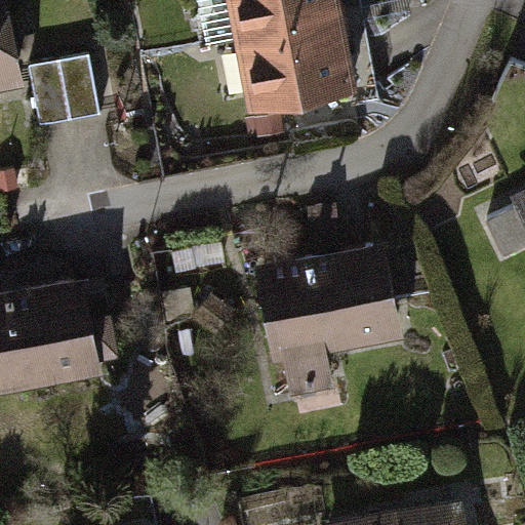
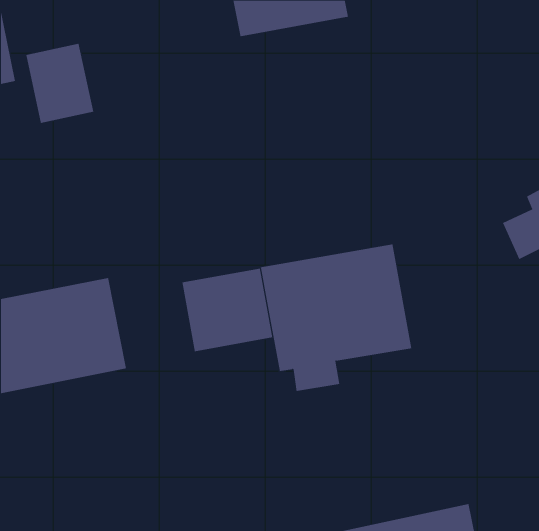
building: [234,25,352,108] -> none
building: none -> [182,268,273,352]

